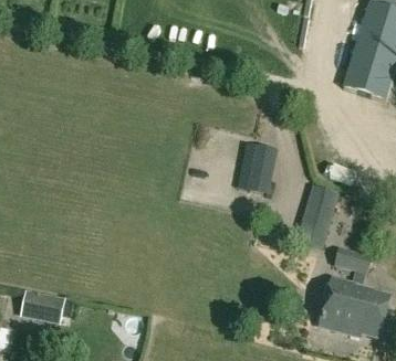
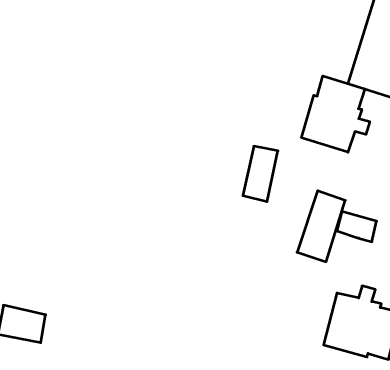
building: none -> [302,76,370,152]
building: [335,245,372,273] -> [337,212,377,242]

